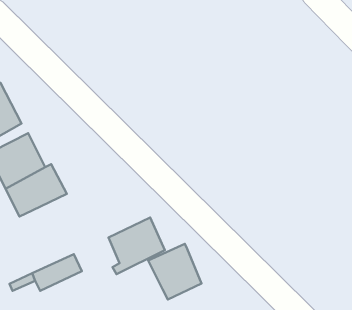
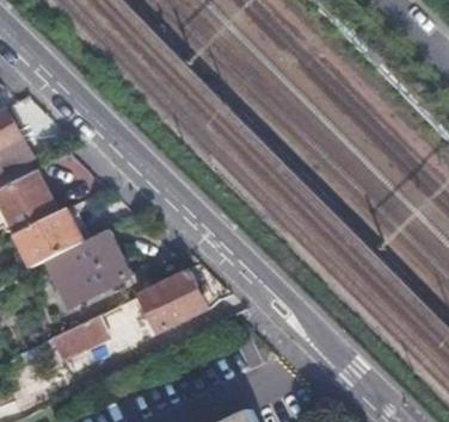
building: none -> [44,231,127,303]
building: [148,244,201,299] -> none

